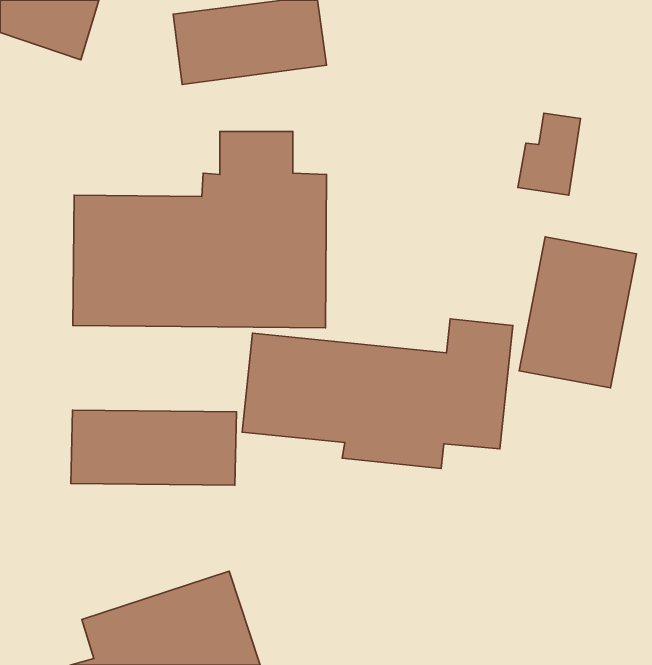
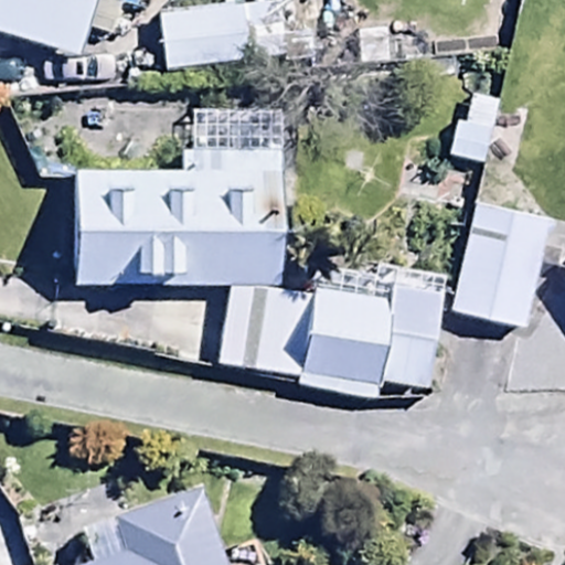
building: [71,410,237,485] -> none

